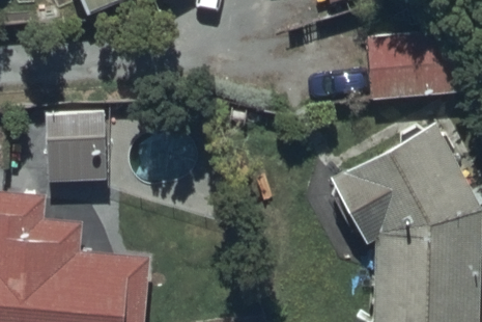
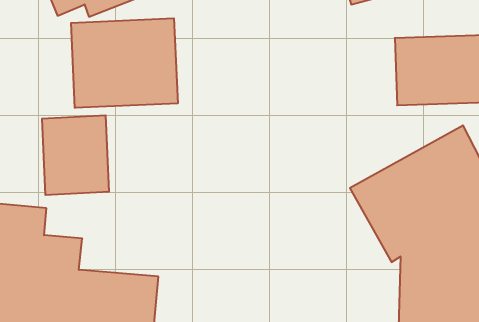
building: none -> [71,18,178,108]

